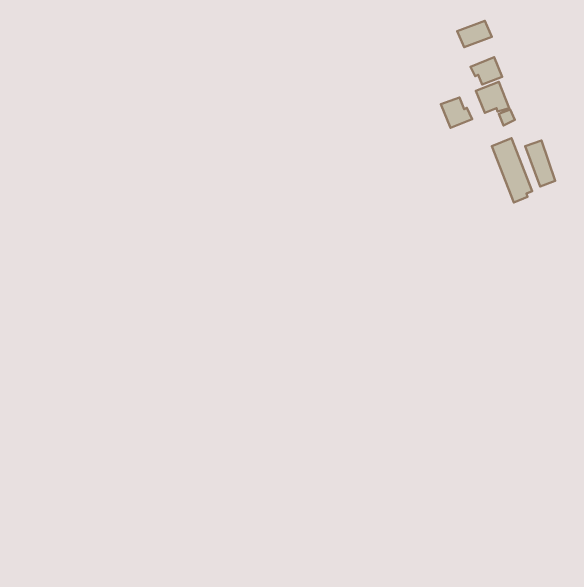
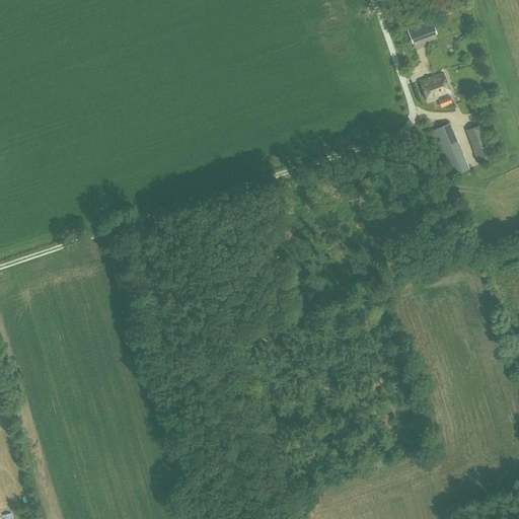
building: [471,57,502,85] -> none
building: [441,97,472,128] -> none

